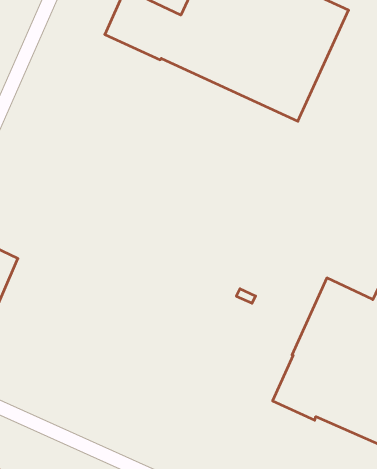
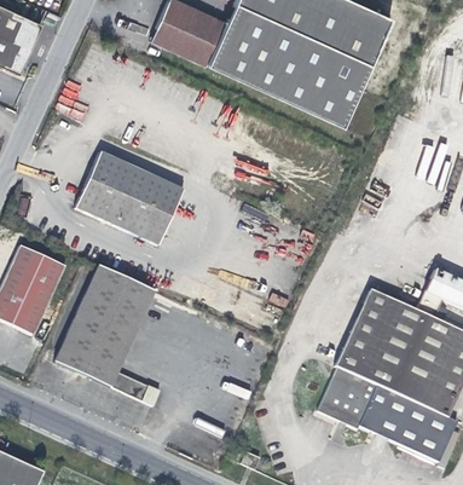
building: none -> [85,155,193,248]
building: none -> [56,266,161,399]

